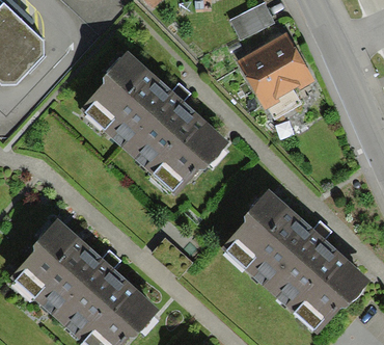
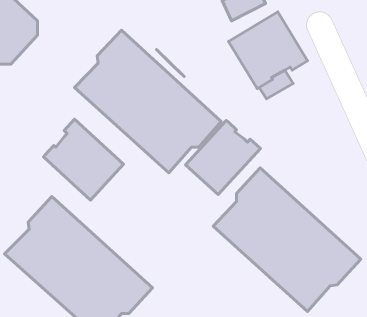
building: none -> [44,119,123,200]
building: none -> [185,120,260,195]

